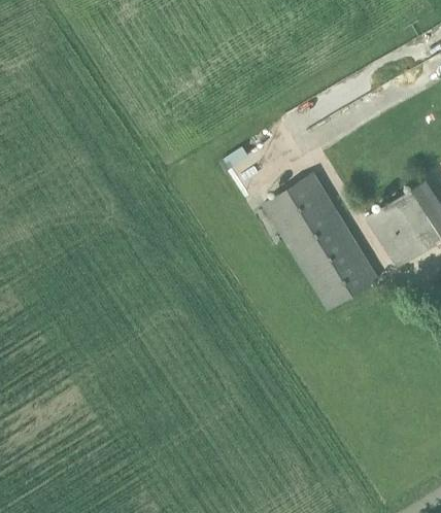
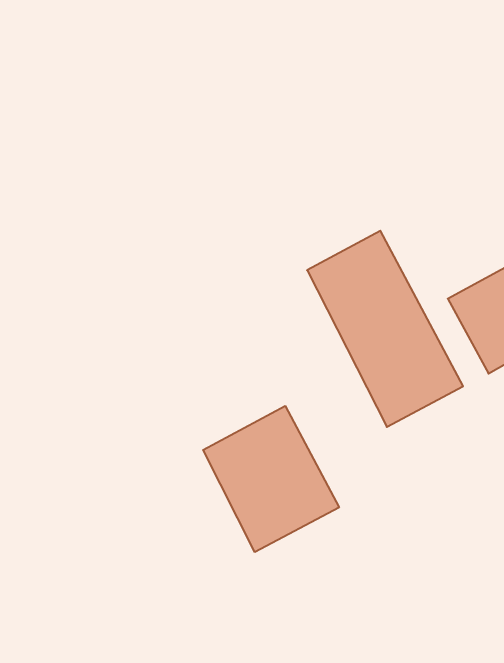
building: none -> [203,406,339,552]

